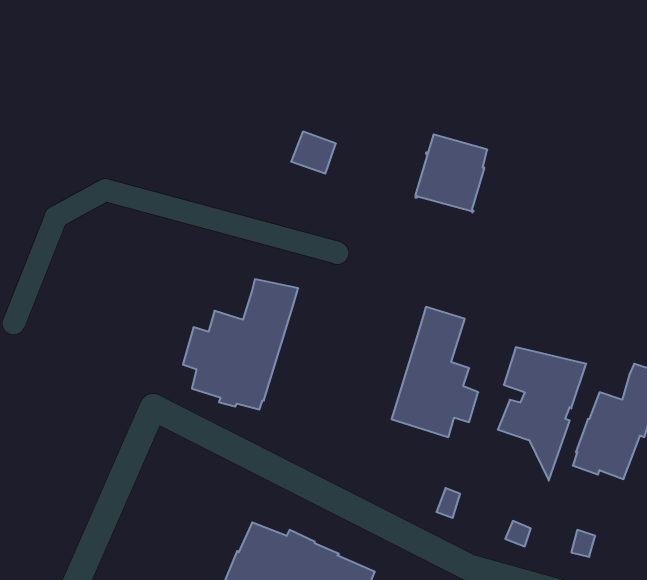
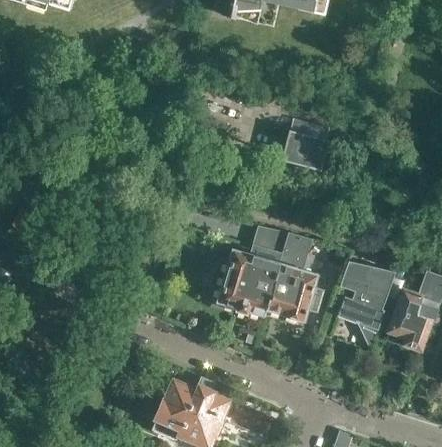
building: [183,279,298,410] -> [212,227,289,314]

